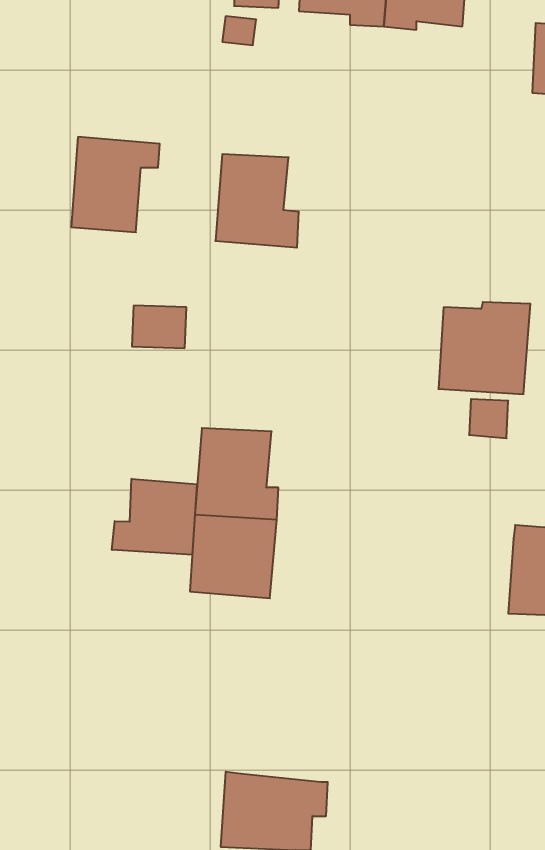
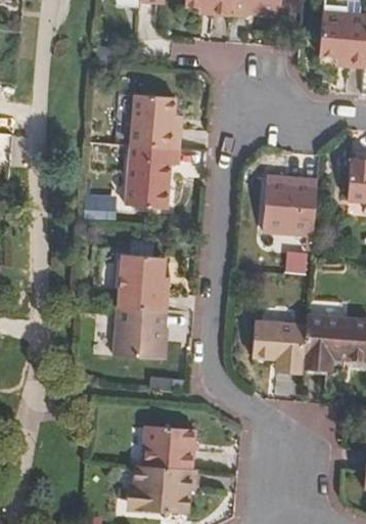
building: [71,137,160,232] -> [126,145,179,203]
building: [112,479,197,555] -> none
building: none -> [256,321,309,369]
building: none -> [143,427,194,471]

